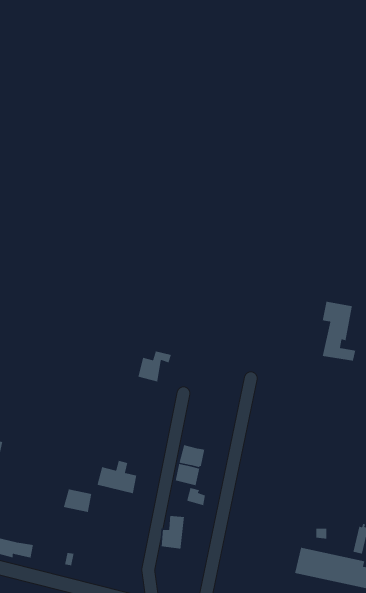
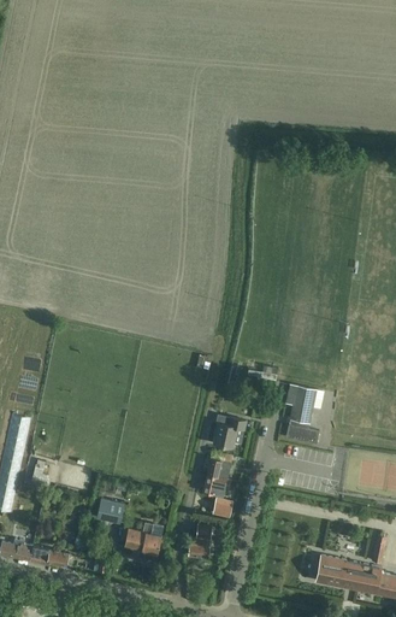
building: [322,301,356,362] -> [286,384,319,442]
building: [137,351,172,382] -> [214,418,247,448]
building: [97,460,137,494] -> [124,523,162,556]

